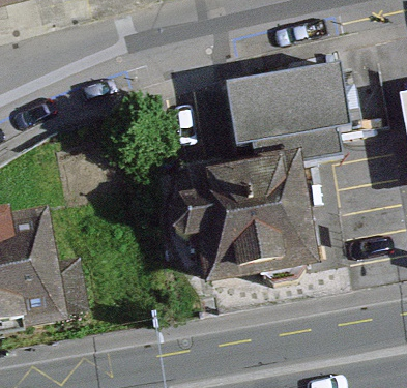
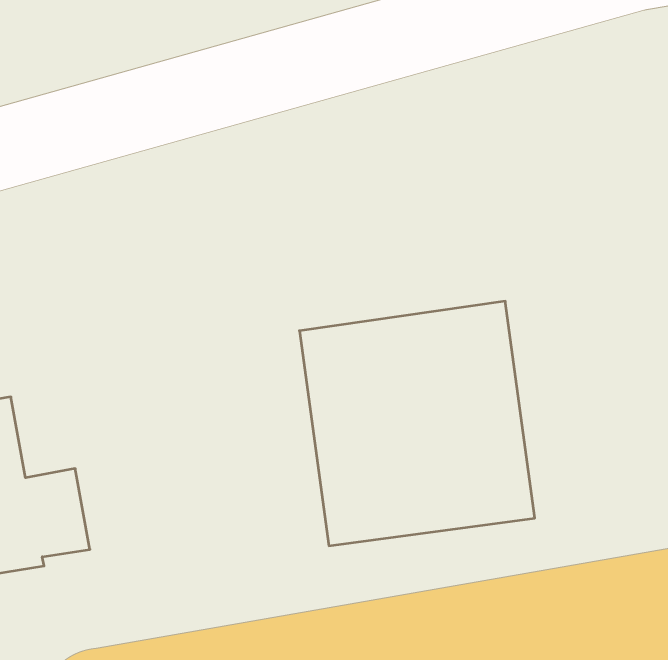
building: [230,64,386,157] -> none

